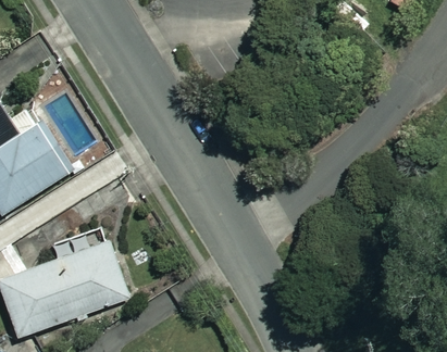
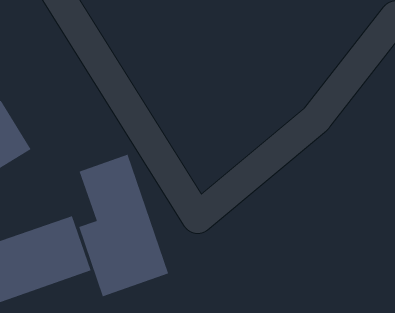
building: none -> [78,154,169,297]

